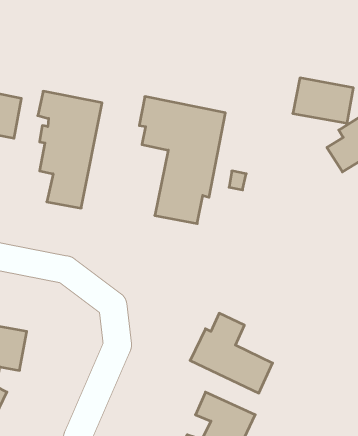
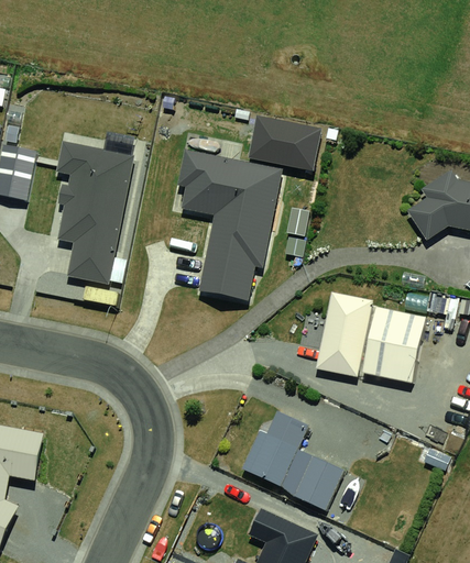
building: [293,78,353,123] -> [248,115,321,170]
building: none -> [314,291,425,384]

